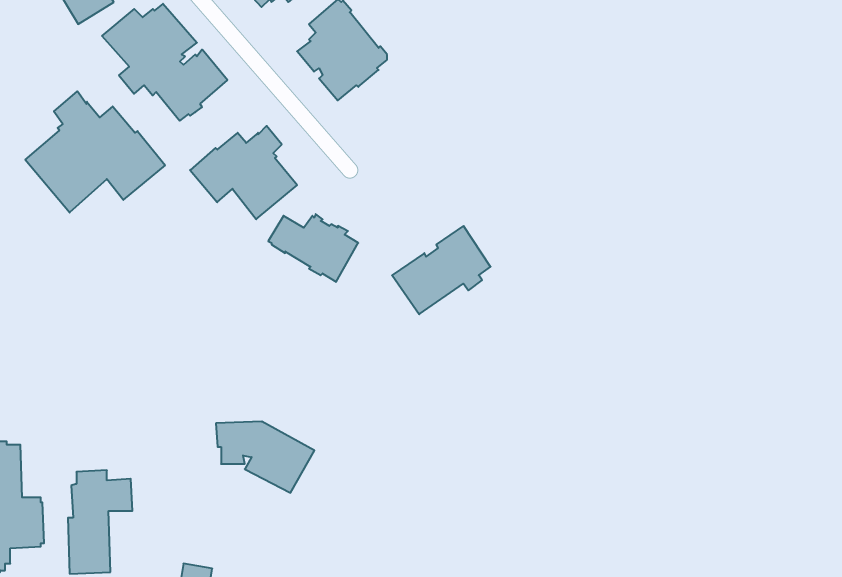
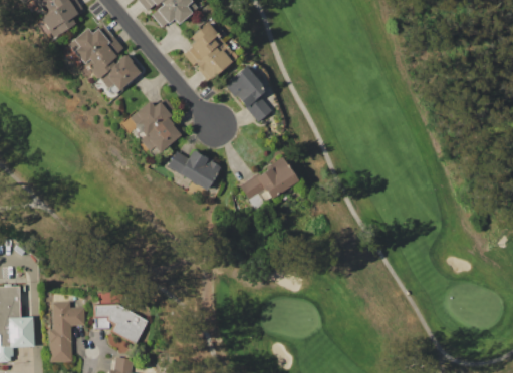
building: none -> [223,66,271,121]
building: [25,91,165,213] -> none
building: [216,422,314,493] -> [92,303,151,345]

